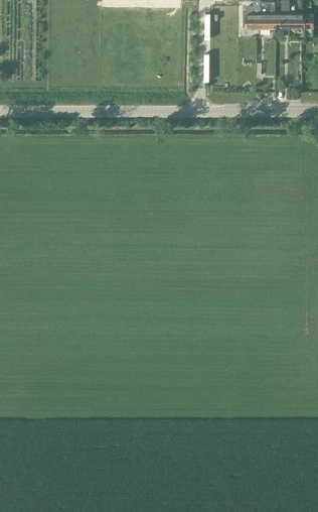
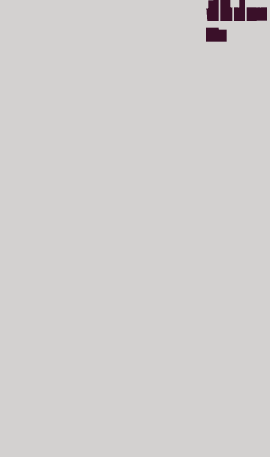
building: none -> [205,27,227,42]

